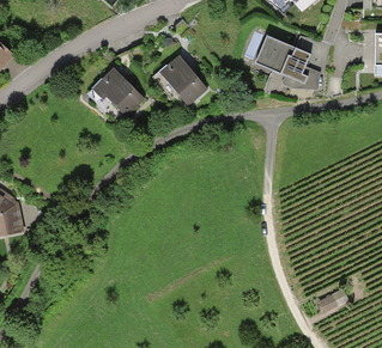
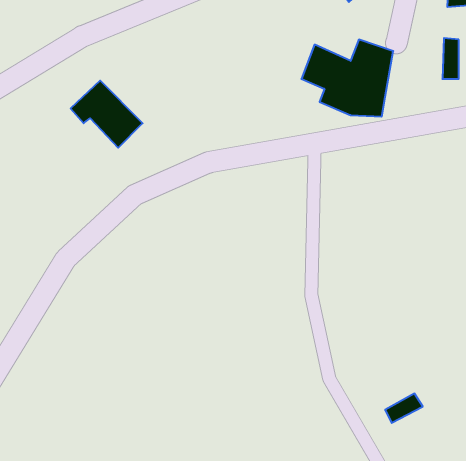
building: [157,54,206,105] -> none

